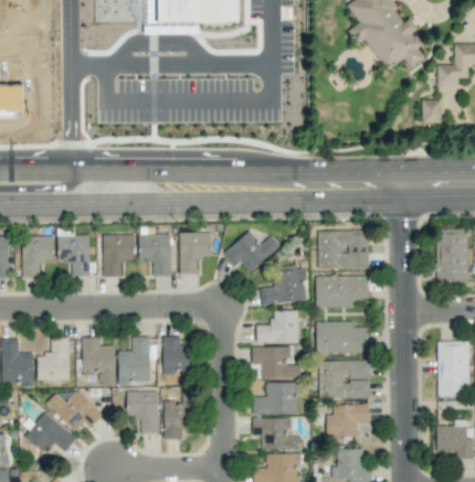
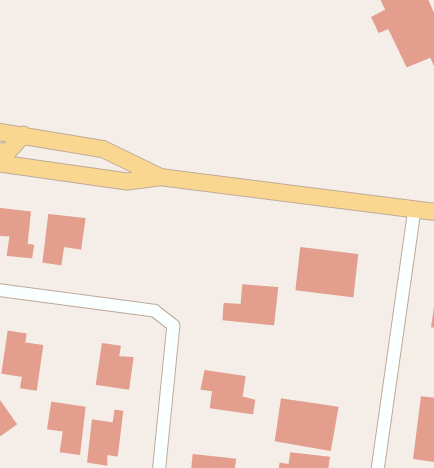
building: [222,231,281,271] -> none
building: [178,232,211,274] -> none
building: [138,234,171,276] -> none
building: [315,275,368,308] -> none
building: [255,311,298,343] -> none
building: [316,321,369,353] -> none
building: [118,336,149,384] -> none
building: [253,383,298,415] -> none

